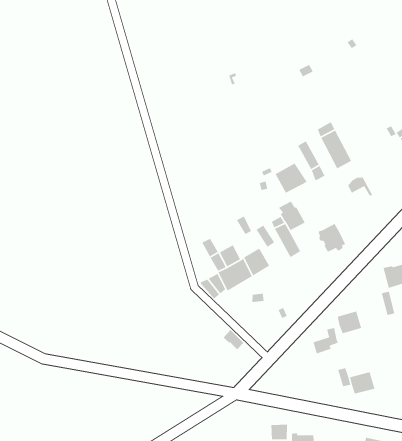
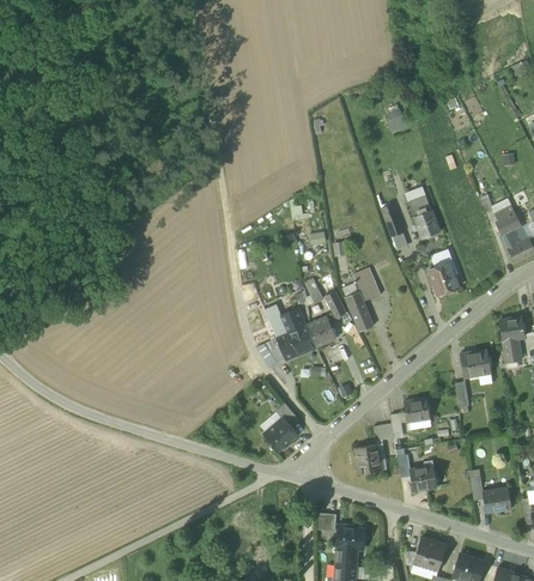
building: [274,162,308,194] -> none
building: [317,223,346,253] -> [429,262,459,295]
building: none -> [265,418,296,450]
building: none -> [356,444,381,474]

